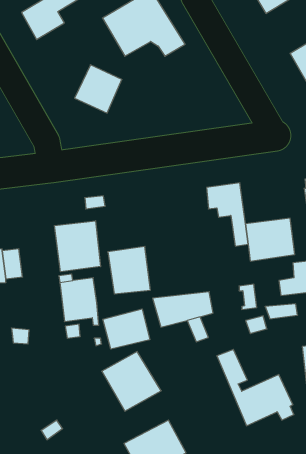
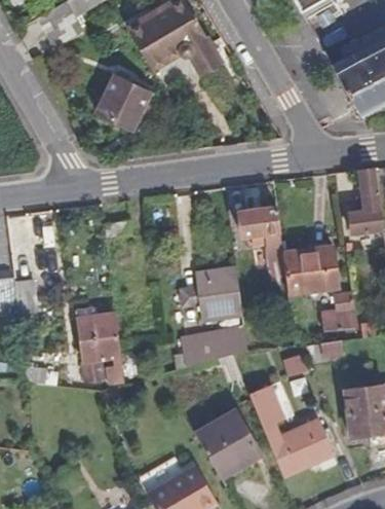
building: [55,221,101,272] -> none
building: [108,246,150,294] -> [194,266,241,319]
building: [103,309,150,349] -> none
building: [102,352,161,411] -> [197,415,263,481]

